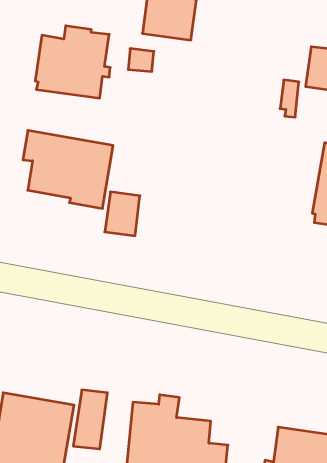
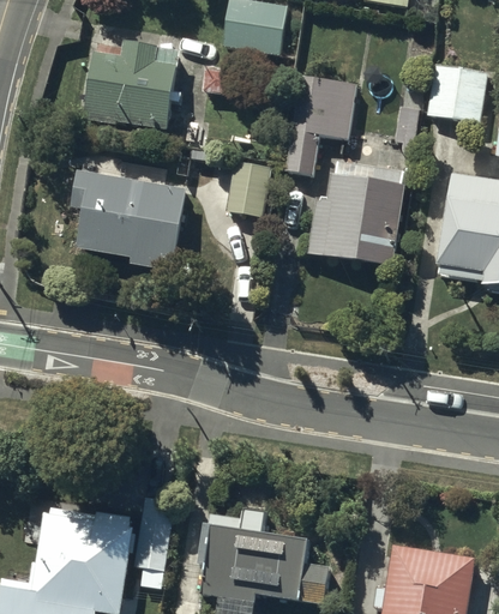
building: none -> [285,82,354,181]
building: none -> [308,161,404,264]
building: [105,192,140,236] -> [227,162,271,217]

